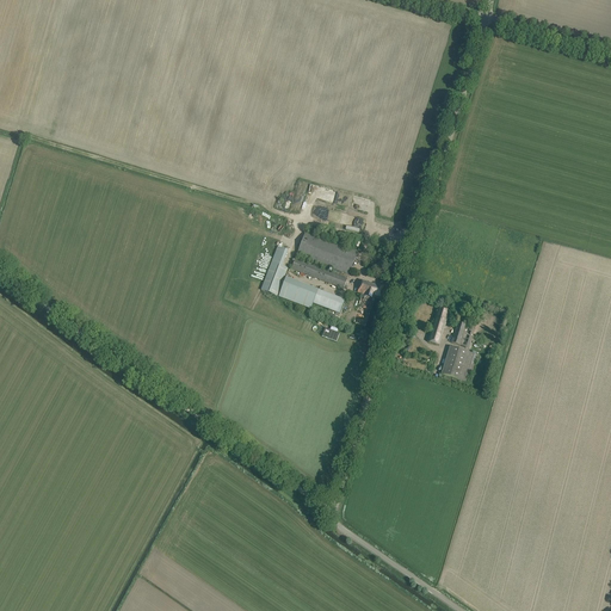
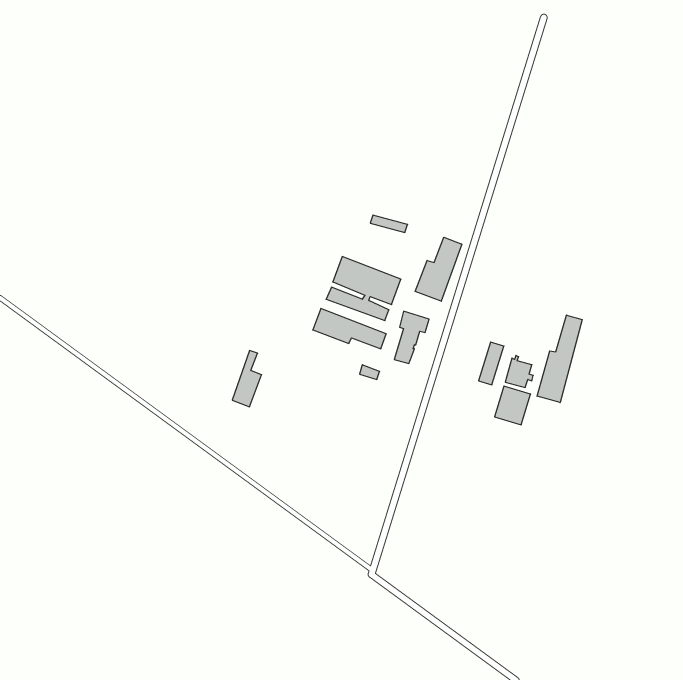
building: none -> [415,237,462,301]
building: [261,245,288,295] -> [232,351,262,407]
building: none -> [537,315,582,403]

